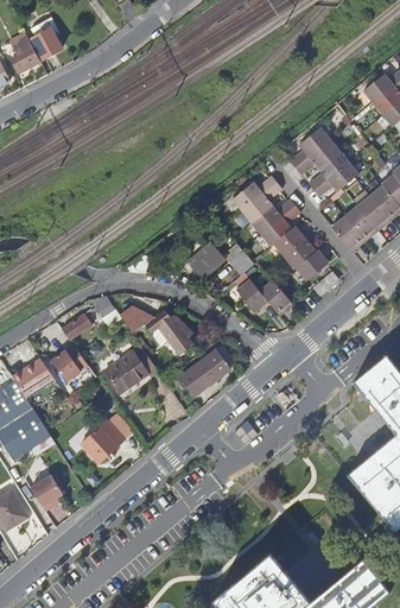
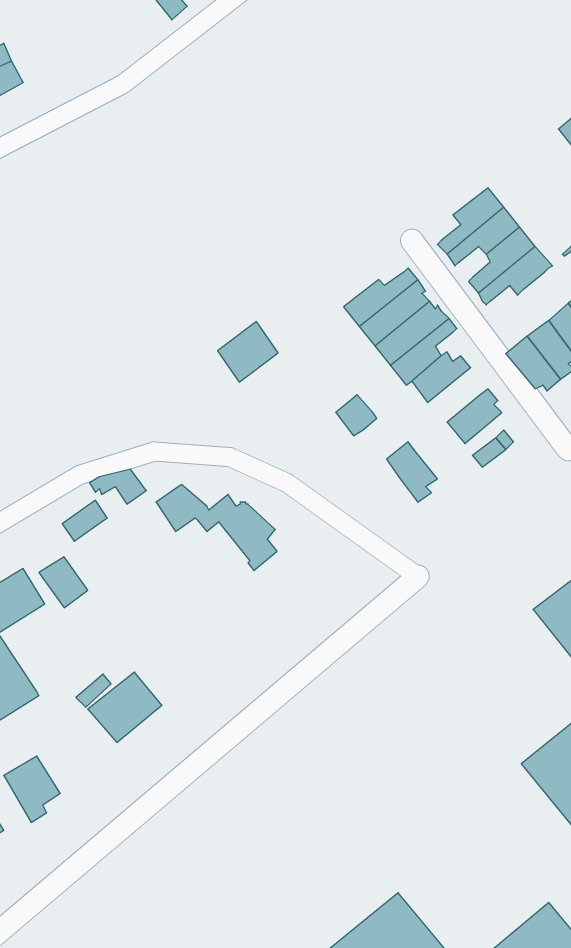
building: [32,19,61,61] -> none
building: [286,235,318,270] -> none
building: [185,245,222,281] -> [218,322,278,382]
building: [237,279,269,312] -> none
building: [107,348,159,394] -> none
building: [185,352,230,392] -> none

